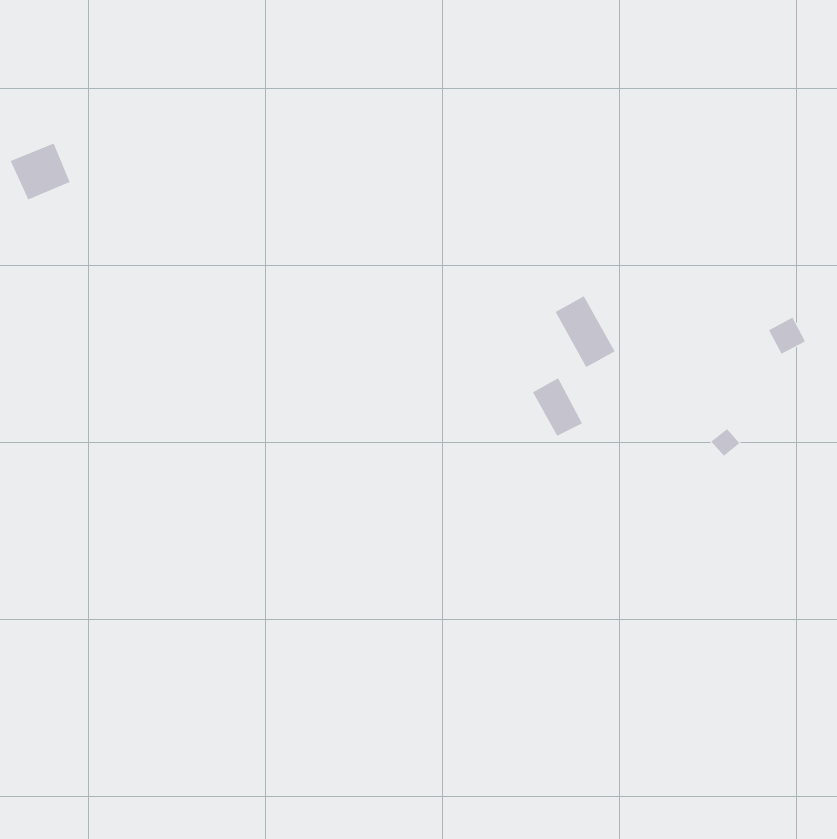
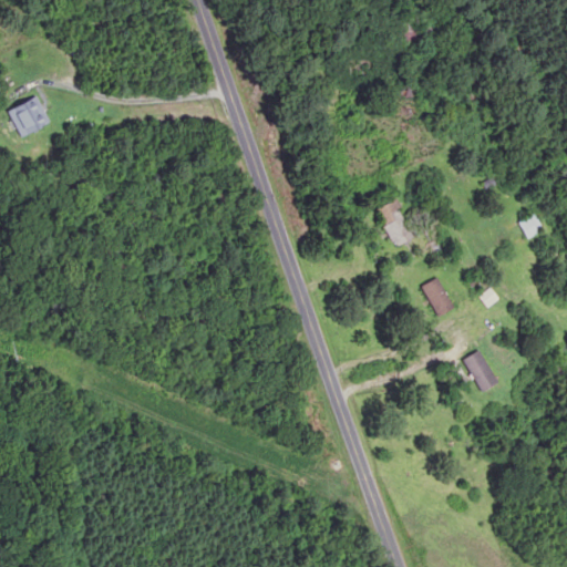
building: [532,378,583,437] -> [421,278,455,318]
building: none -> [463,350,497,391]

